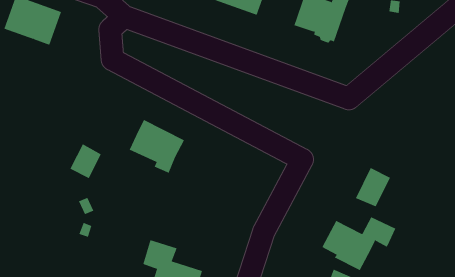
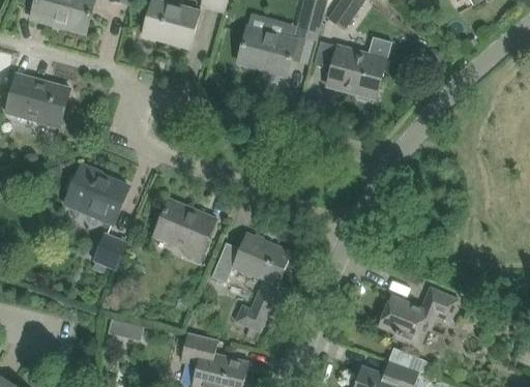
building: none -> [65,162,129,224]
building: none -> [210,233,291,332]
building: [355,167,391,207] -> none

